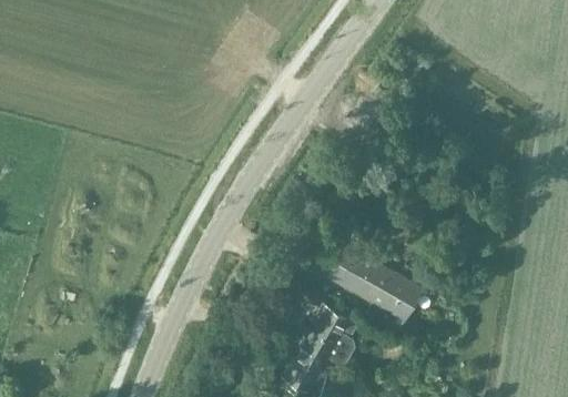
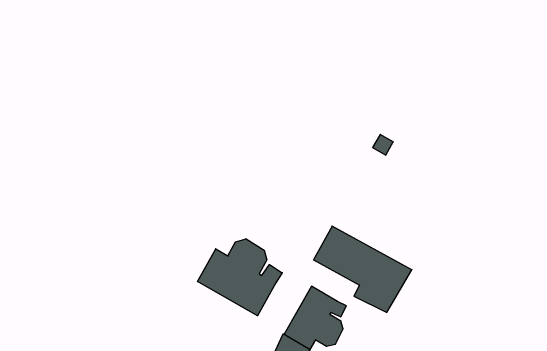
building: none -> [198,239,282,316]

